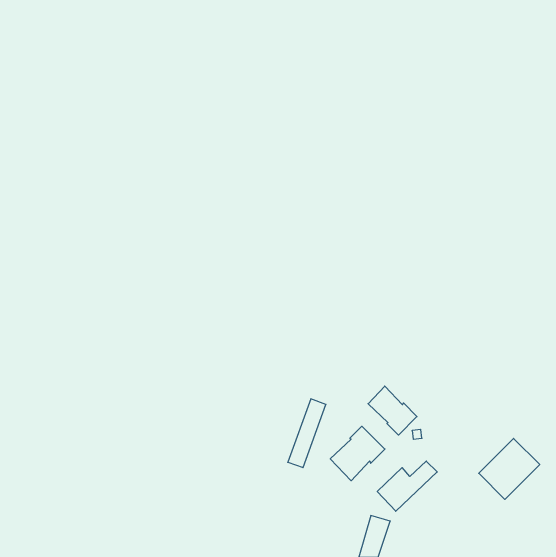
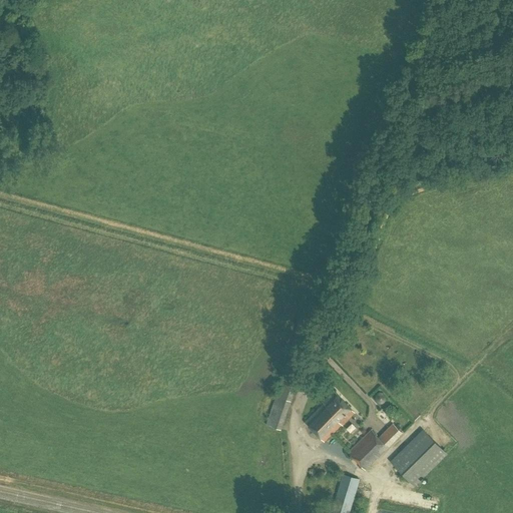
building: [368,386,417,435] -> none
building: [479,438,540,499] -> [390,430,446,486]

